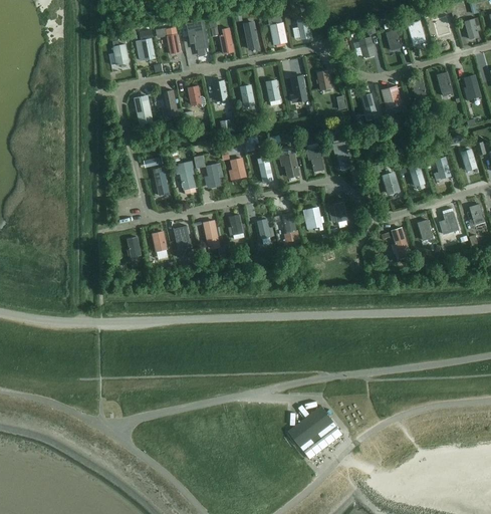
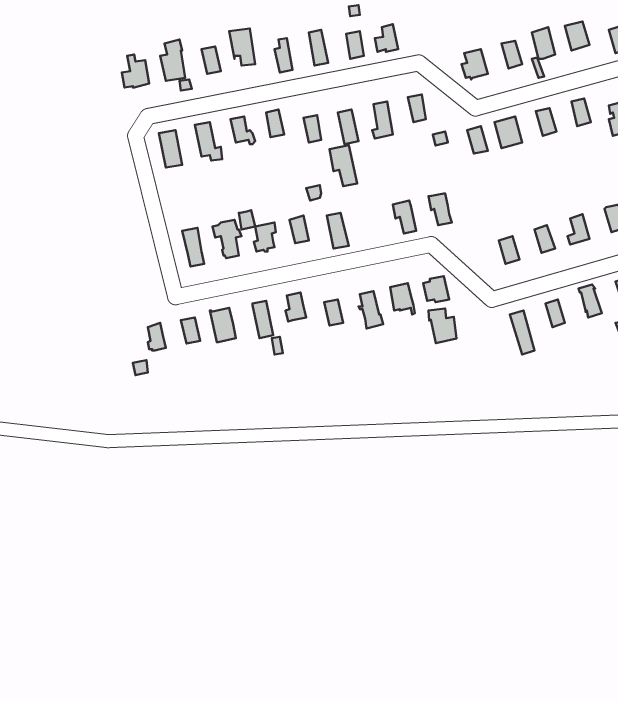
building: [279,148,299,178] -> [330,145,357,186]
building: none -> [428,308,457,343]
building: [288,406,333,447] -> none

